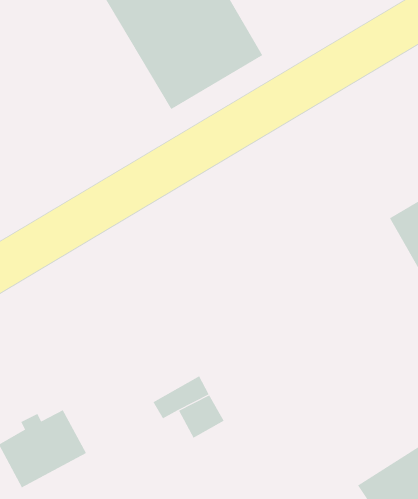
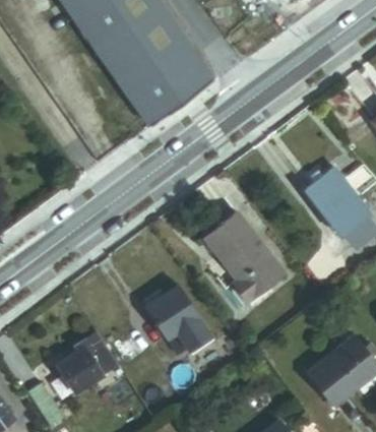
building: none -> [205,207,284,300]
building: none -> [146,287,190,327]

